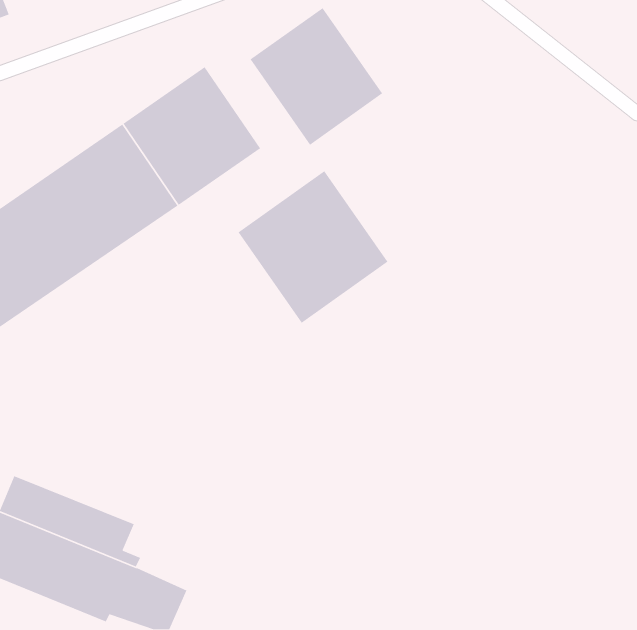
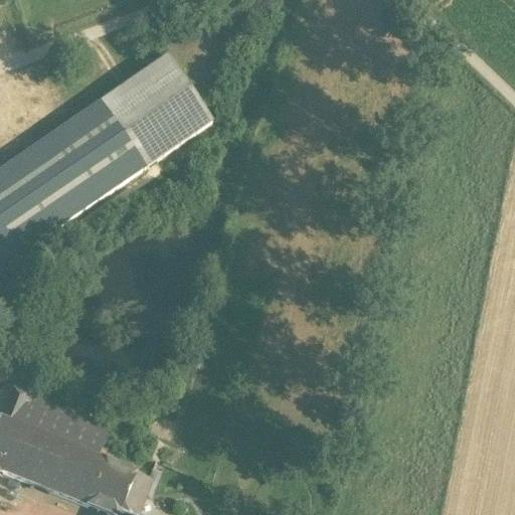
building: [249,7,383,146] -> none
building: [238,170,388,324] -> none

